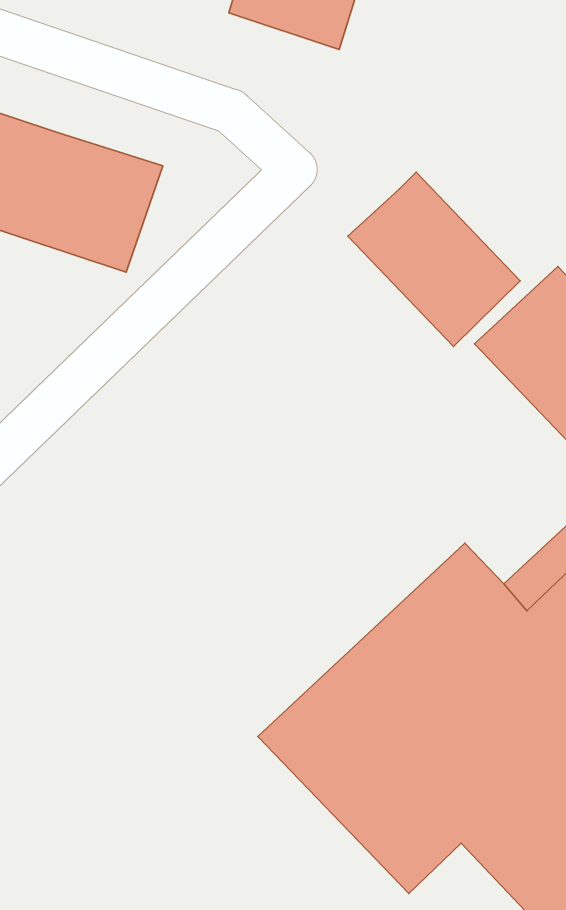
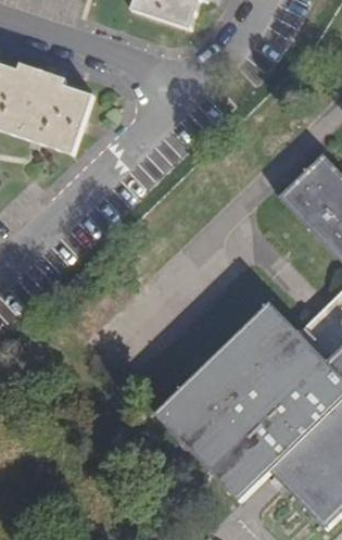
building: [348,172,520,346] -> none

